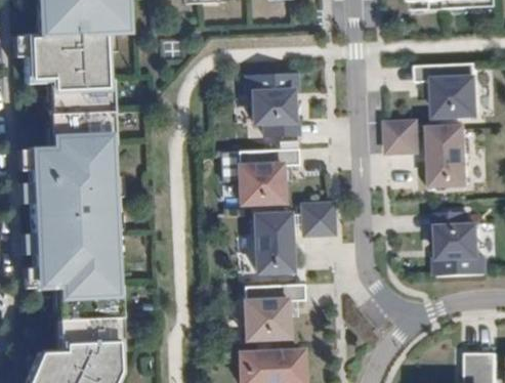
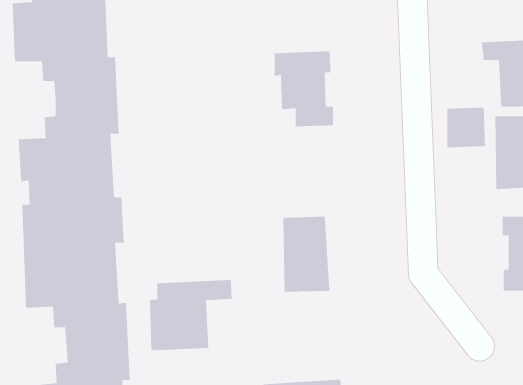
building: [234,147,300,207] -> none
building: [306,204,336,236] -> none
building: [240,283,309,342] -> [149,280,233,351]

